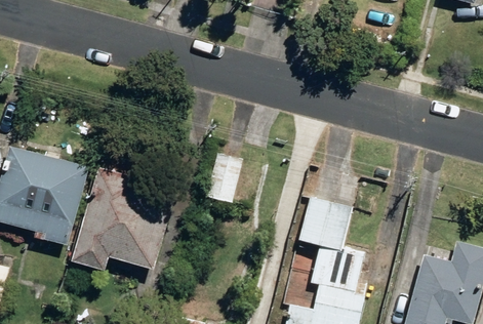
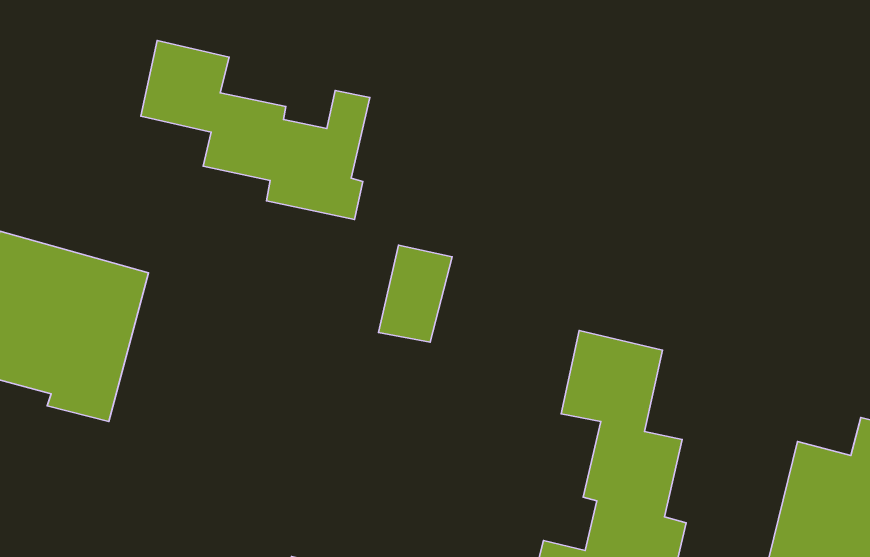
building: none -> [141,40,370,219]
building: [70,168,173,271] -> none

